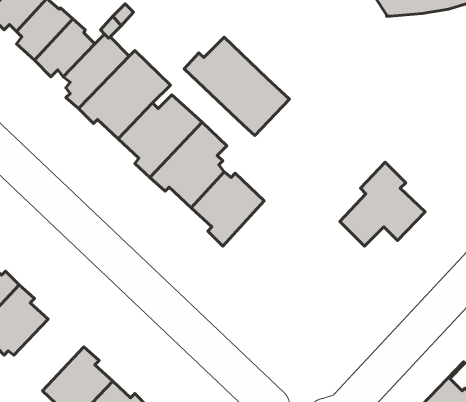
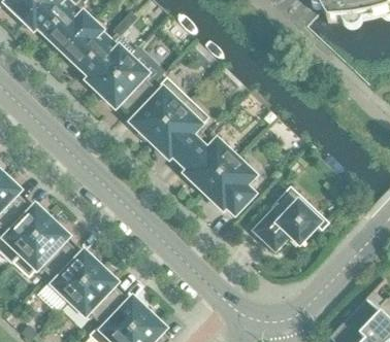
building: [184,37,290,136] -> none
building: [340,162,425,246] -> [257,187,321,250]
building: none -> [205,159,259,215]
building: none -> [48,247,101,301]

